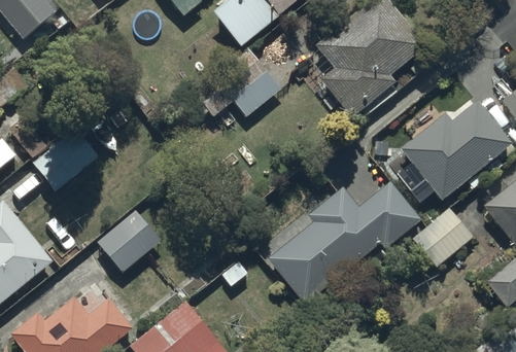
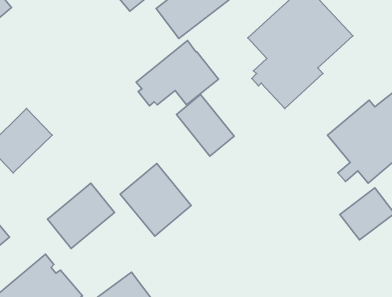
building: none -> [176,95,234,156]
building: none -> [120,164,191,236]
building: [267,182,420,305] -> none

